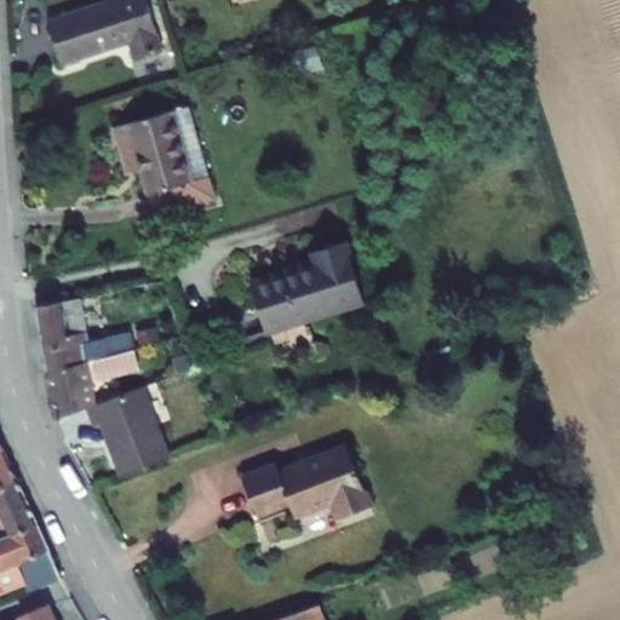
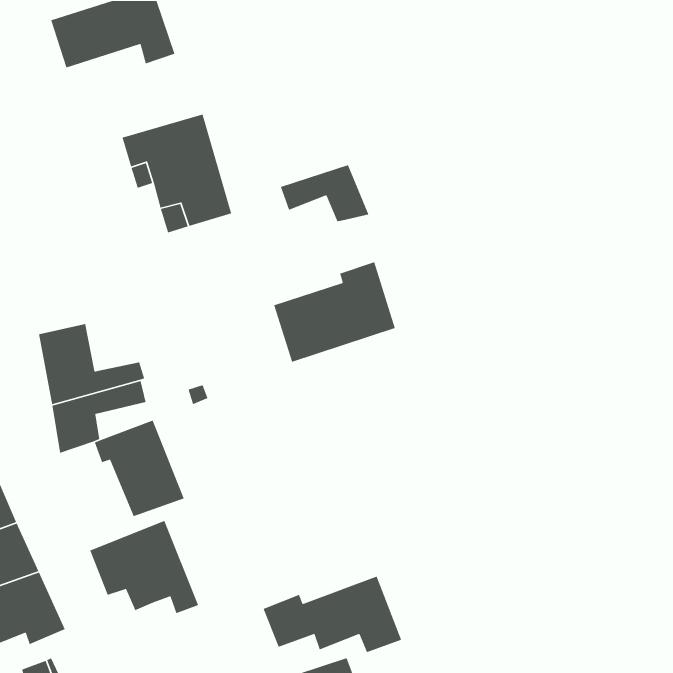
building: none -> [280,164,370,222]
building: [242,448,371,519] -> [262,575,402,653]
building: none -> [89,520,199,614]

